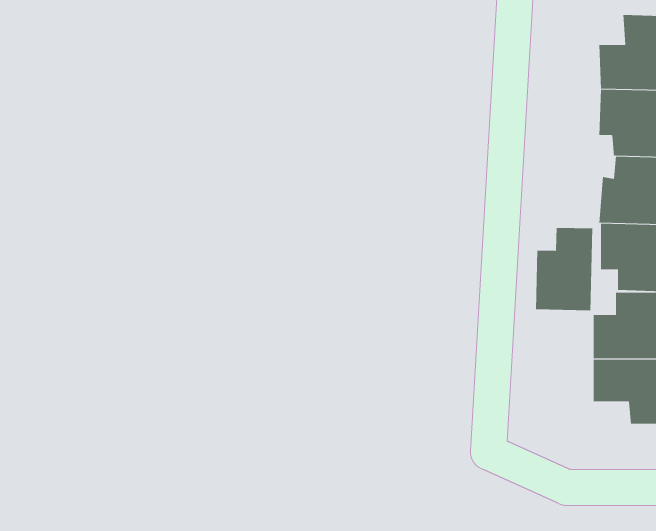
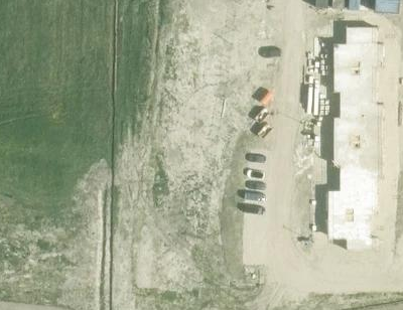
building: [535,227,593,311] -> none

